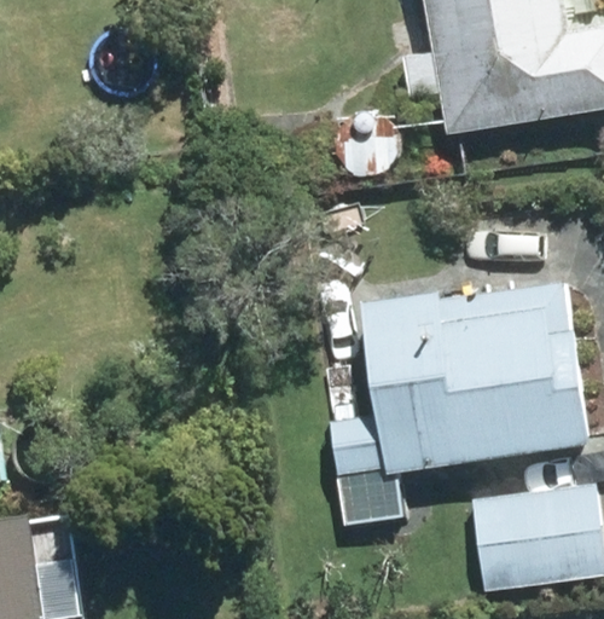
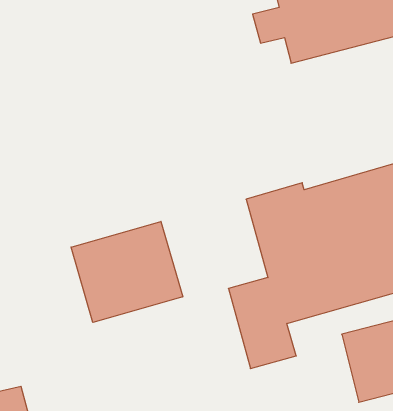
building: none -> [71,221,183,322]

